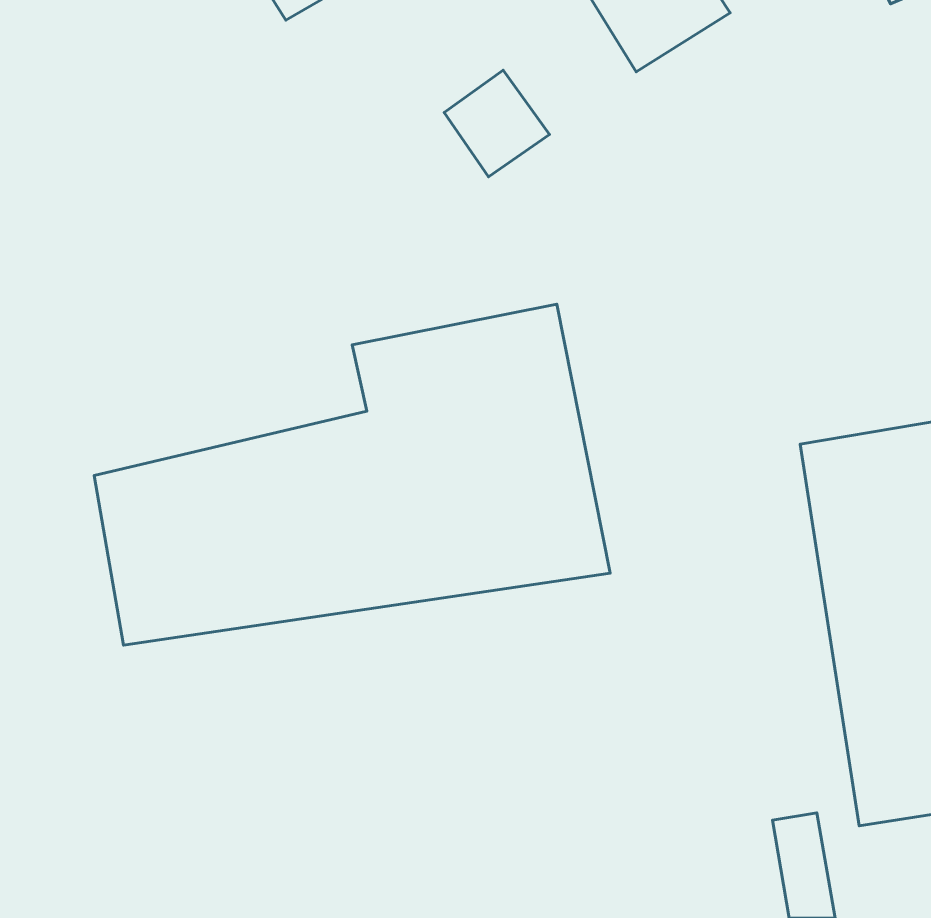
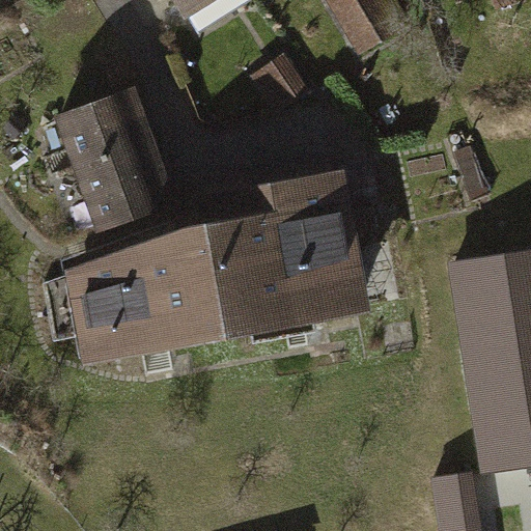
building: none -> [36,94,170,233]

